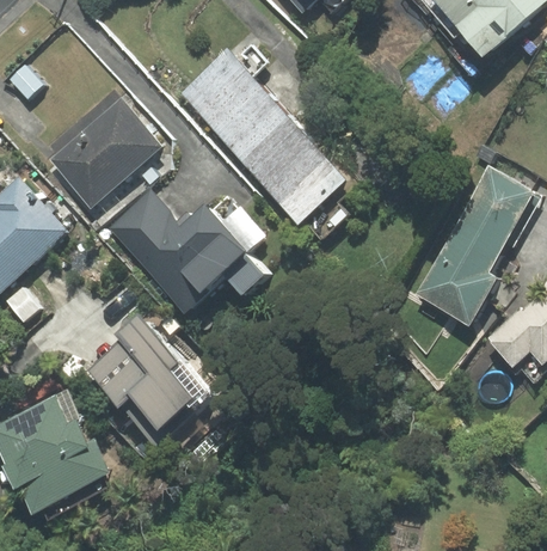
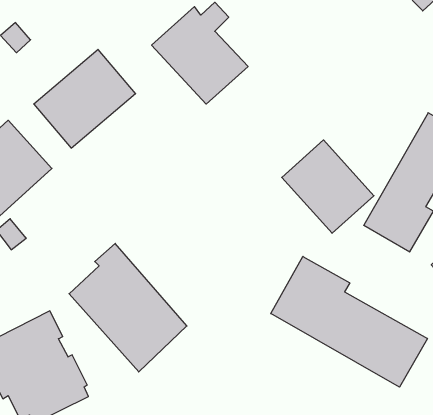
building: [241,117,344,221] -> [282,140,374,233]
building: [109,189,266,313] -> none
building: none -> [271,256,427,387]

